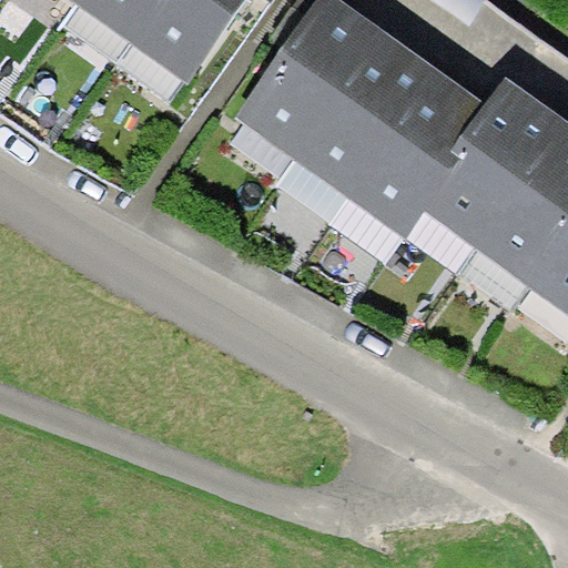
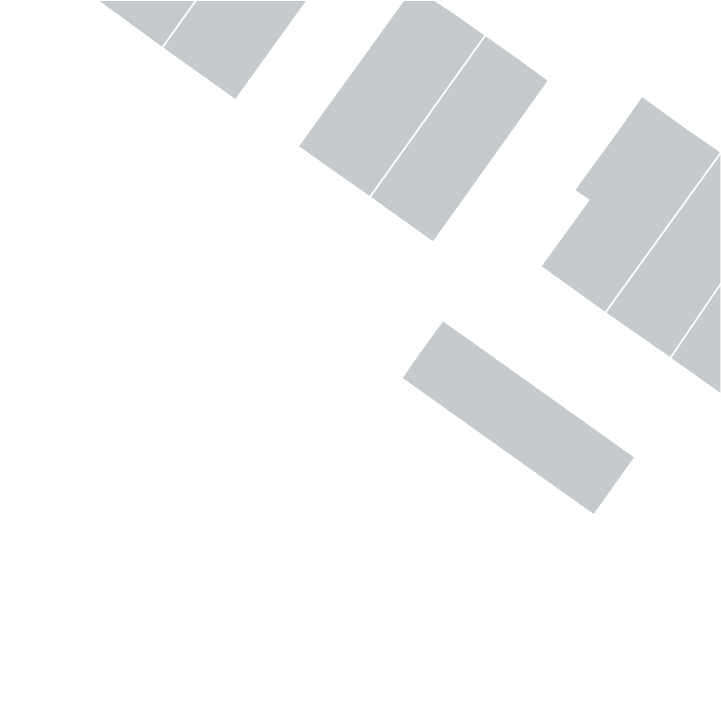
building: [341,67,486,241] -> none
building: none -> [401,320,635,515]

